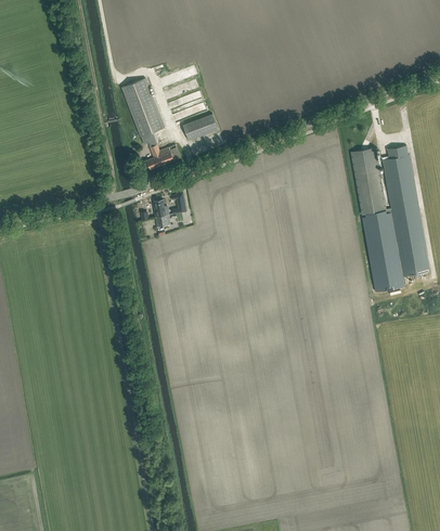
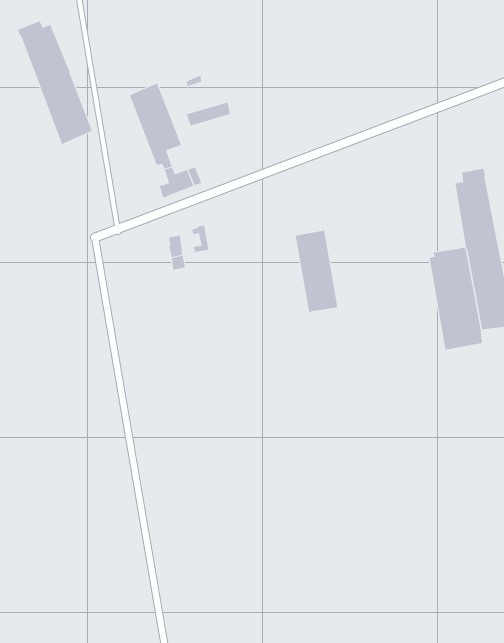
building: none -> [17,21,92,145]
building: [183,114,219,141] -> none
building: [351,148,386,215] -> [295,230,338,313]

